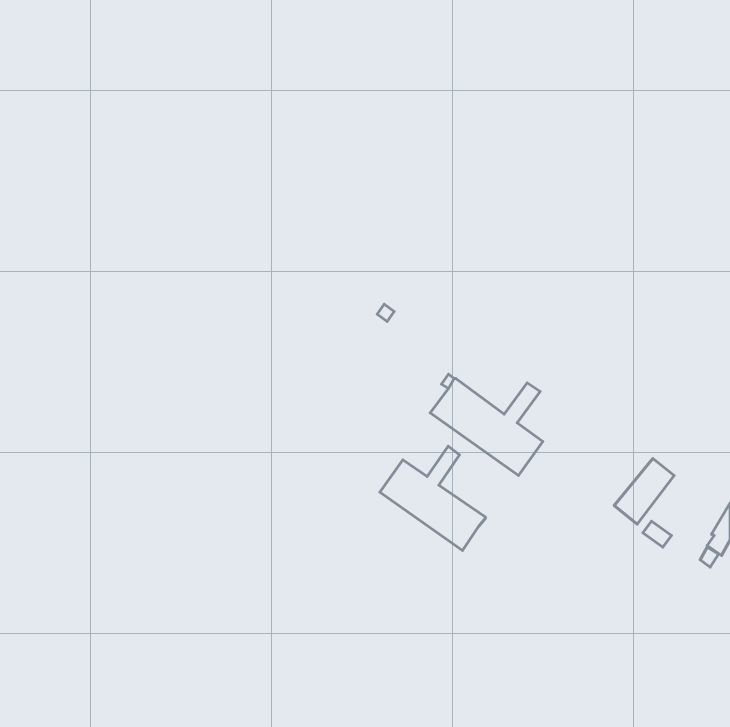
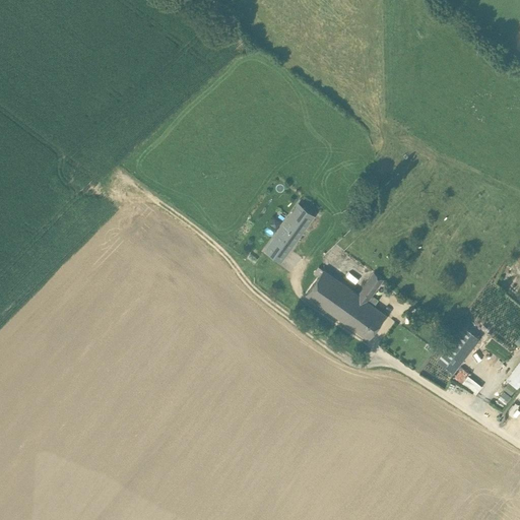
building: none -> [266,206,314,262]
building: [380,446,486,551] -> none

